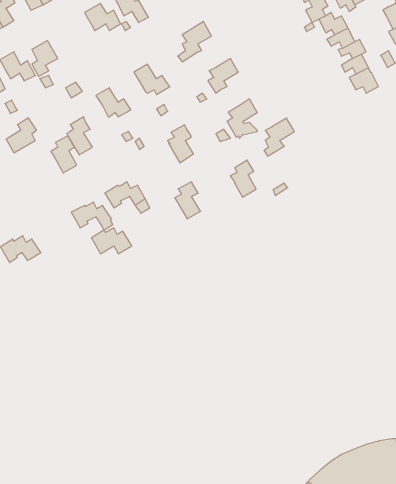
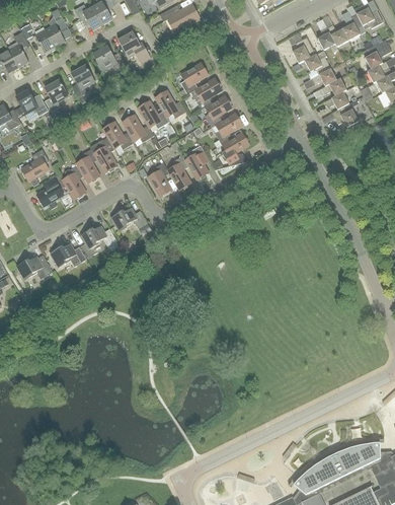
building: none -> [71,65,94,103]
building: none -> [193,78,221,110]
building: none -> [155,90,186,118]
building: none -> [122,115,153,142]
building: none -> [91,138,116,172]
building: [264,118,294,156] -> [214,113,241,147]
building: none -> [36,173,65,206]
building: [230,160,256,197] -> [184,145,208,178]
building: [175,182,201,219] -> [148,162,171,196]
building: [91,228,132,254] -> [50,243,86,267]

